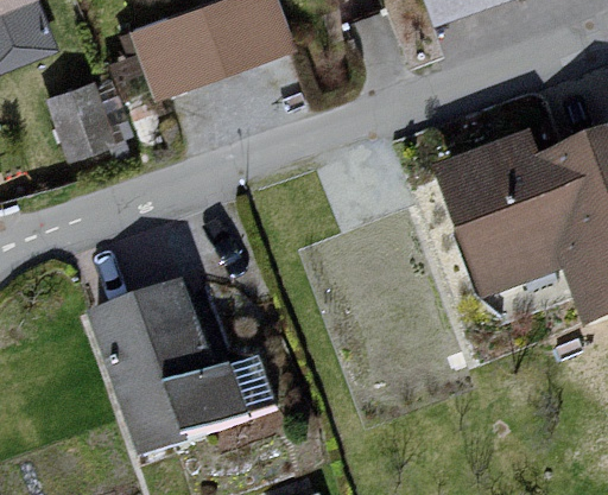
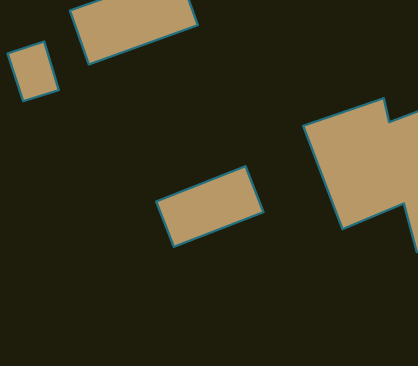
building: none -> [156,166,264,247]
building: [89,296,278,469] -> none

